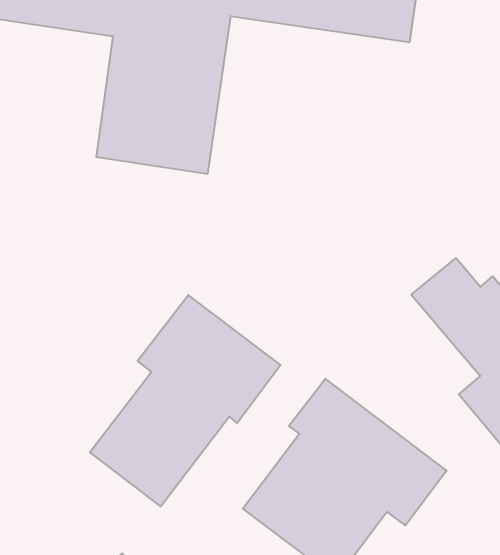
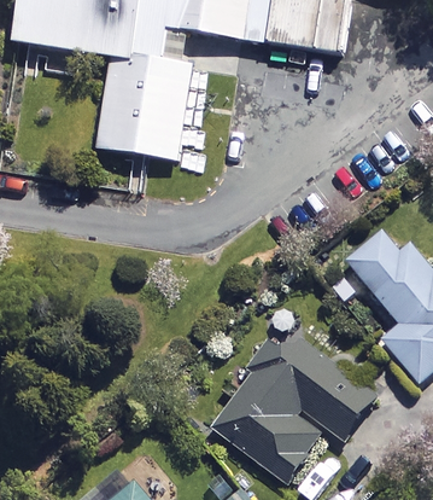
building: [90,295,281,507] -> none

